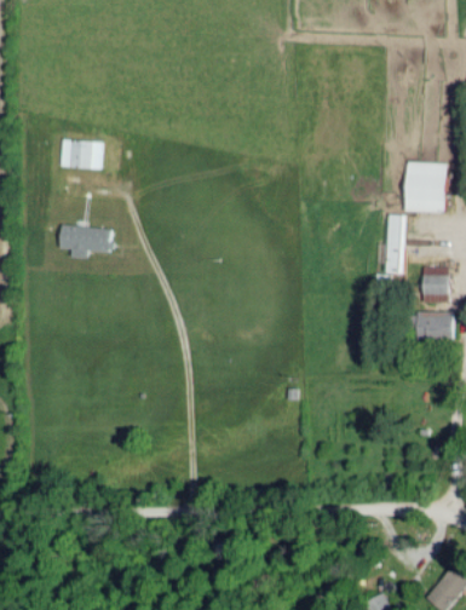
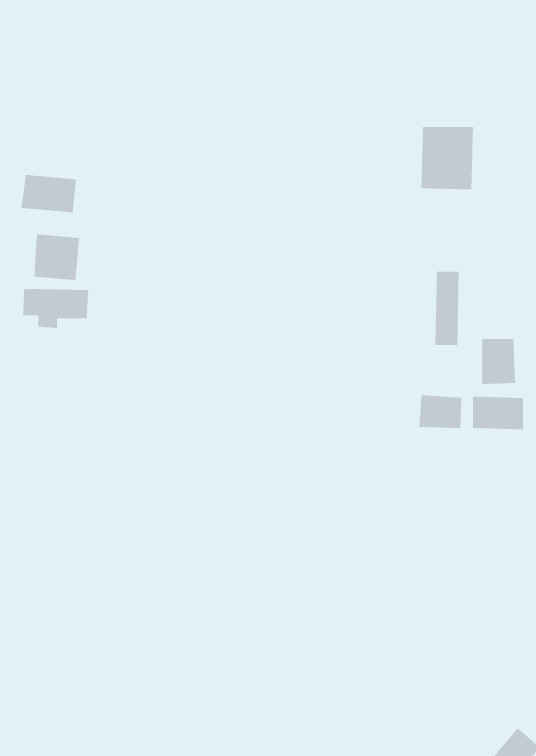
building: [403,162,444,212] -> [421,126,474,190]
building: none -> [34,233,80,281]
building: none -> [418,394,462,429]

